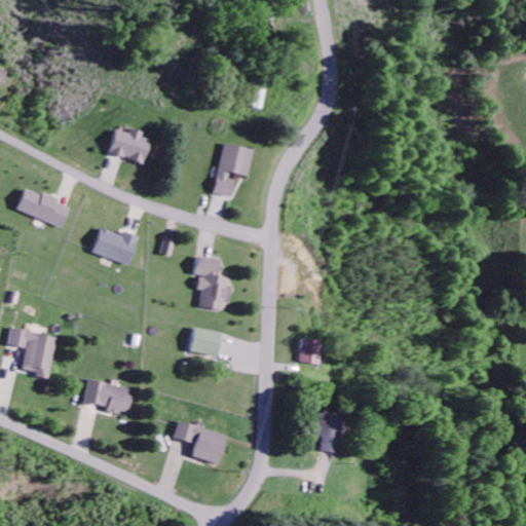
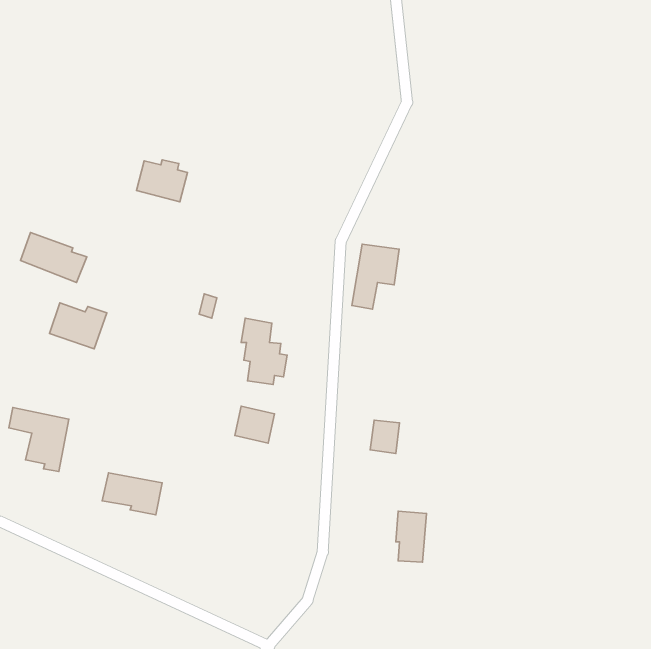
building: [215,144,253,196] -> [352,244,399,309]
building: [92,228,139,265] -> [50,303,107,349]
building: [173,421,225,464] -> none

